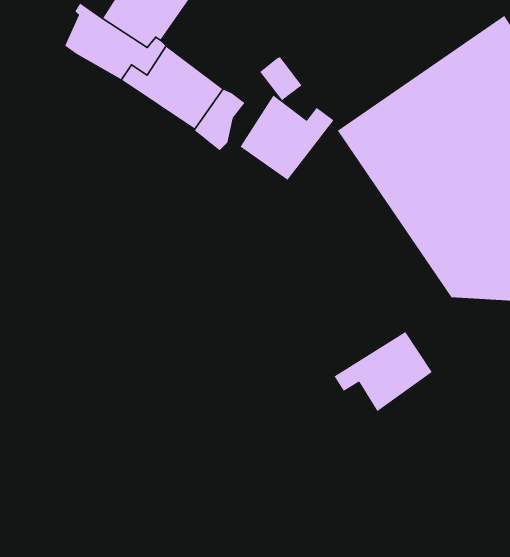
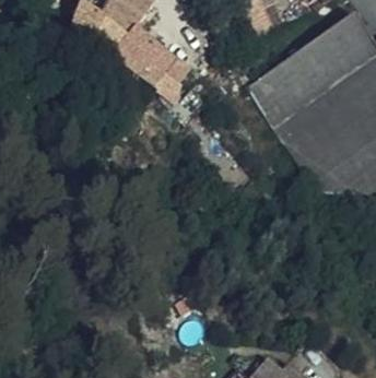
building: [240,95,334,182] -> none
building: [334,330,433,412] -> none

